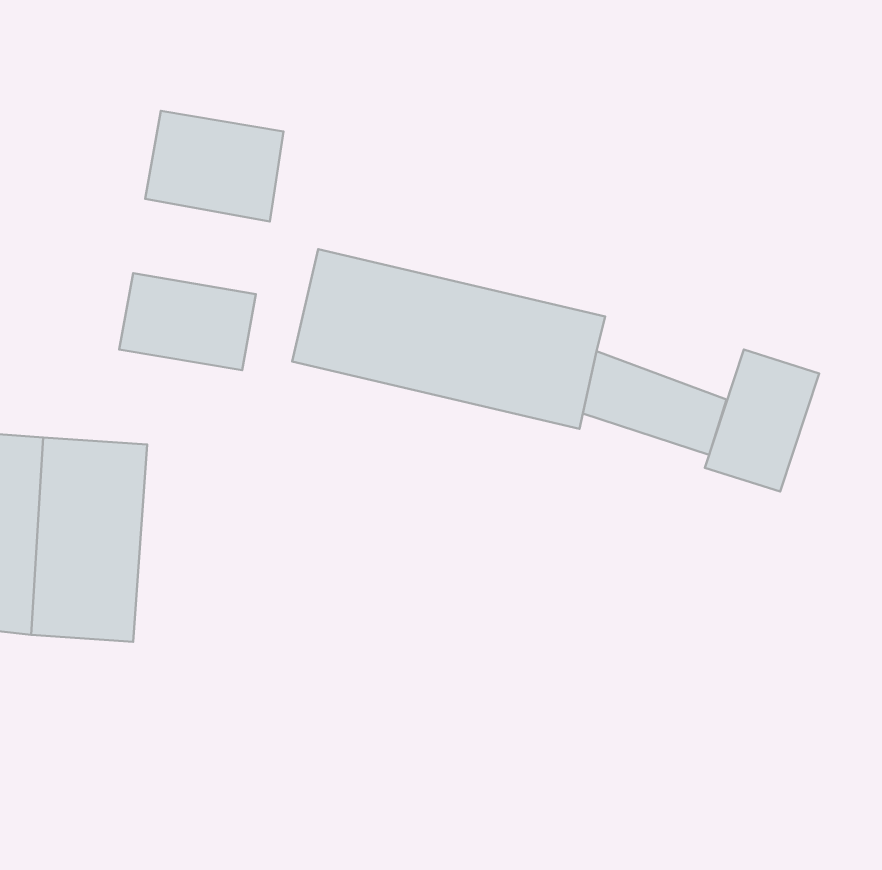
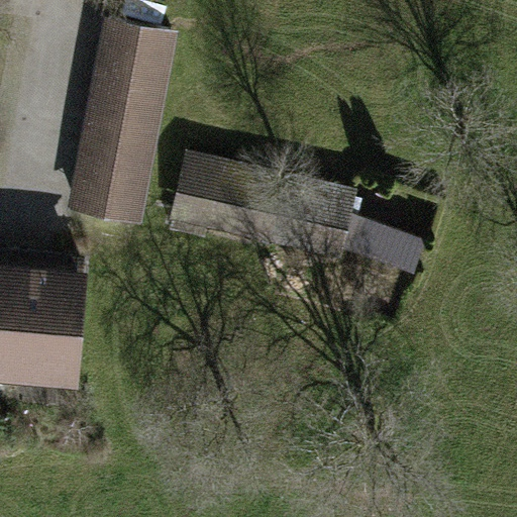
building: none -> [94,17,176,85]
building: none -> [78,124,158,180]
building: [705,350,819,492] -> none

